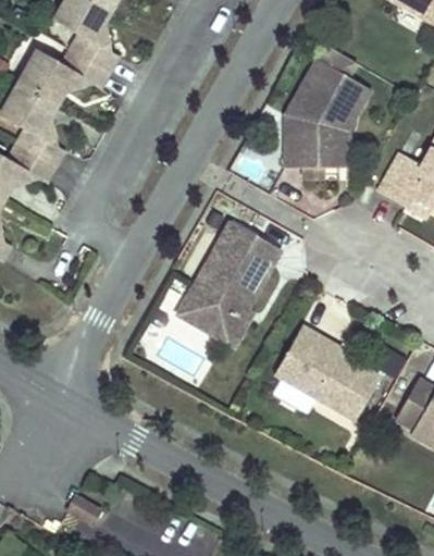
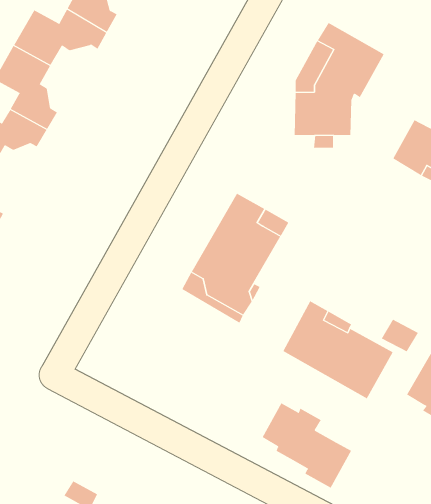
building: none -> [262,403,352,489]

